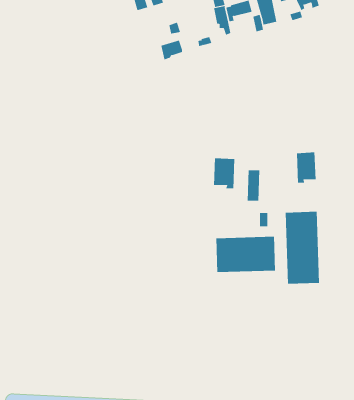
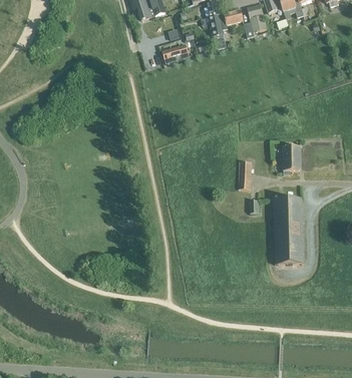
building: [213,158,235,189] -> none
building: [216,236,276,273] -> none

